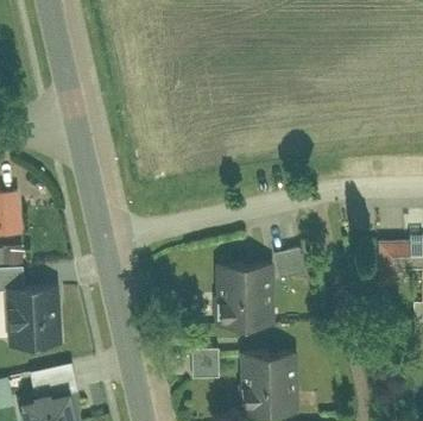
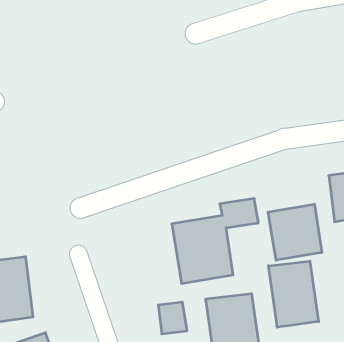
building: none -> [268,204,322,260]
building: none -> [268,261,319,327]

